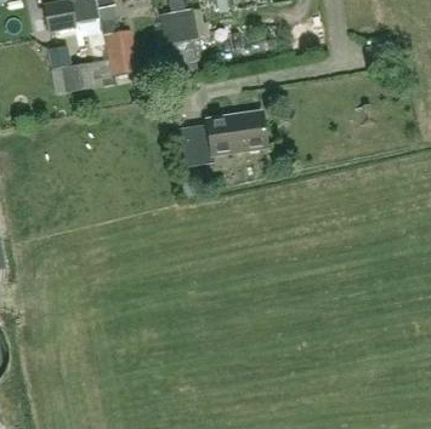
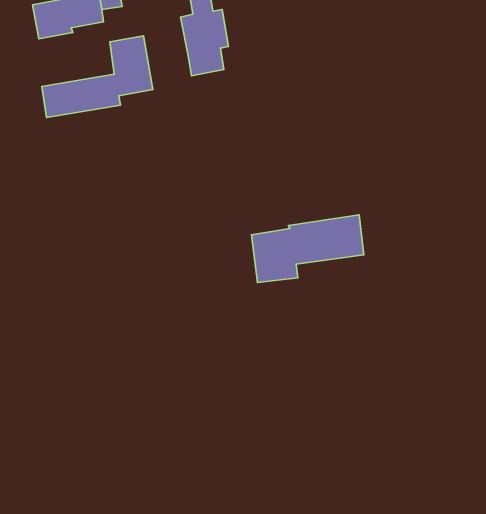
building: [176,113,265,166] -> [251,215,364,283]

